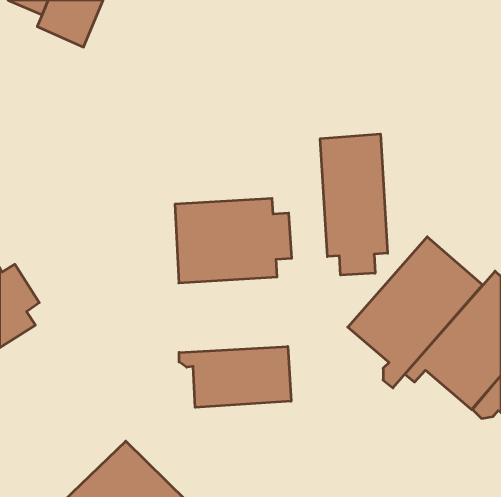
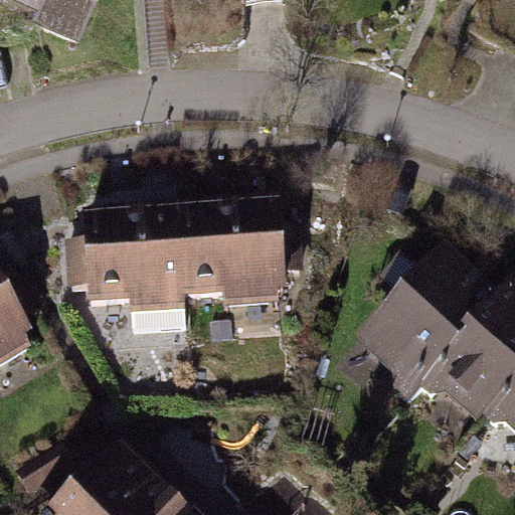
building: [320,134,388,275] -> none
building: none -> [62,214,184,314]
building: [179,346,291,407] -> none

